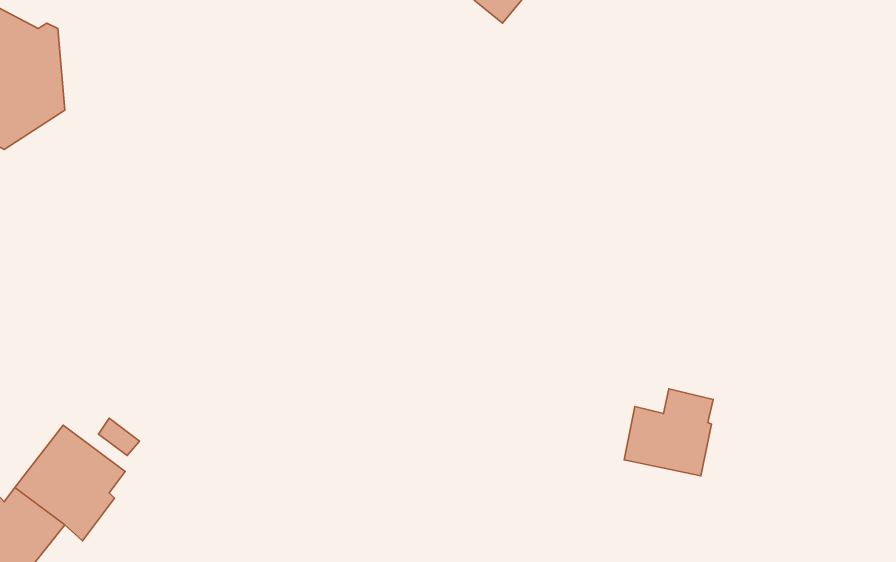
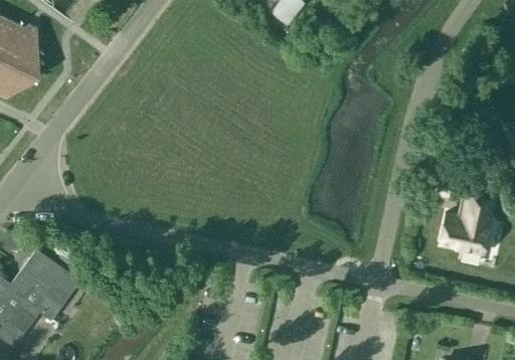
building: [624,389,713,476] -> [439,203,489,252]

